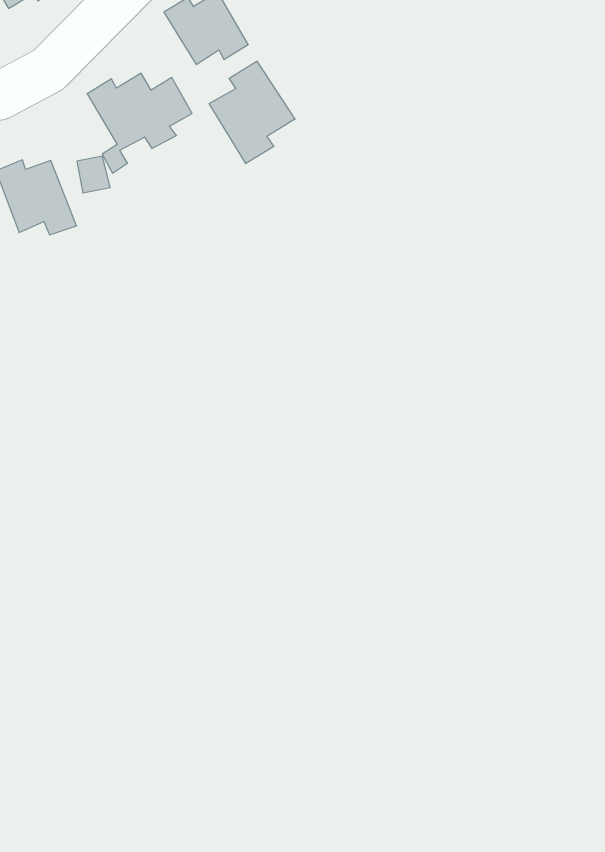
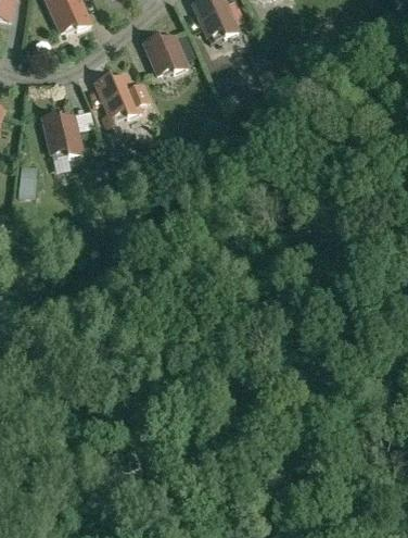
building: [209,61,295,164] -> none

